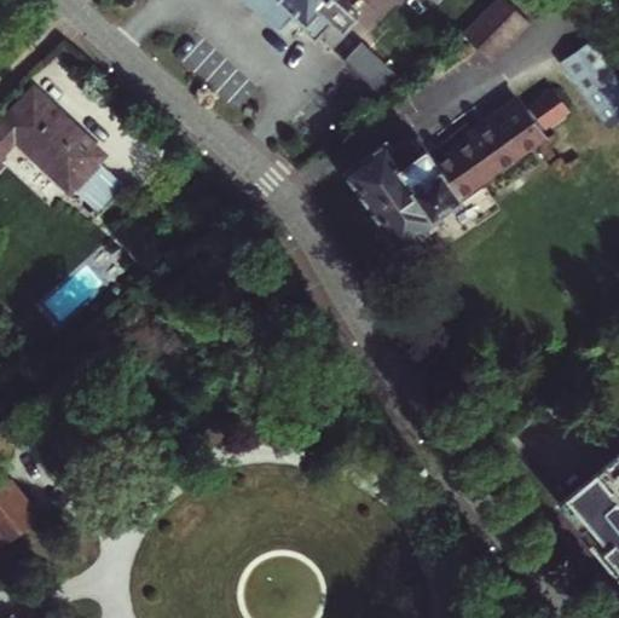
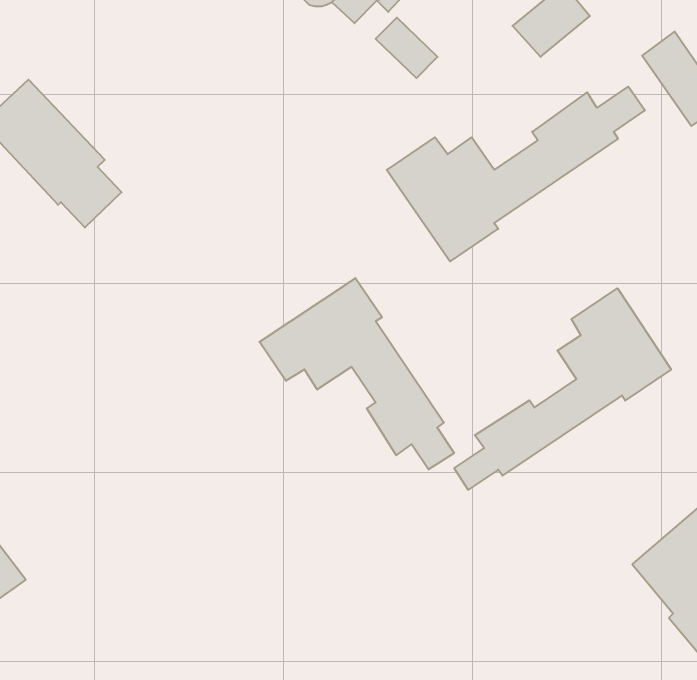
building: none -> [259,278,454,470]
building: none -> [454,288,671,490]

